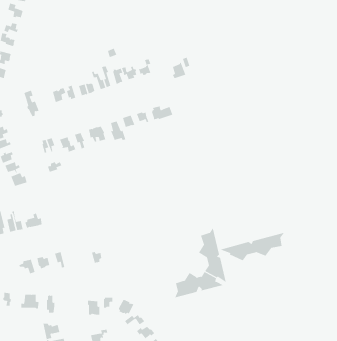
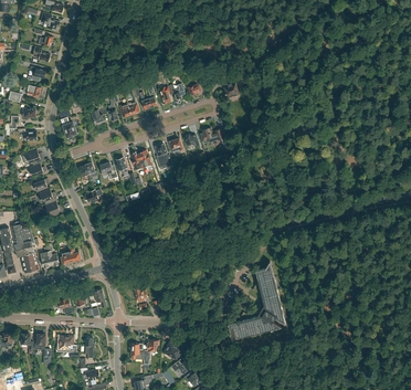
building: [219,232,285,261] -> none

